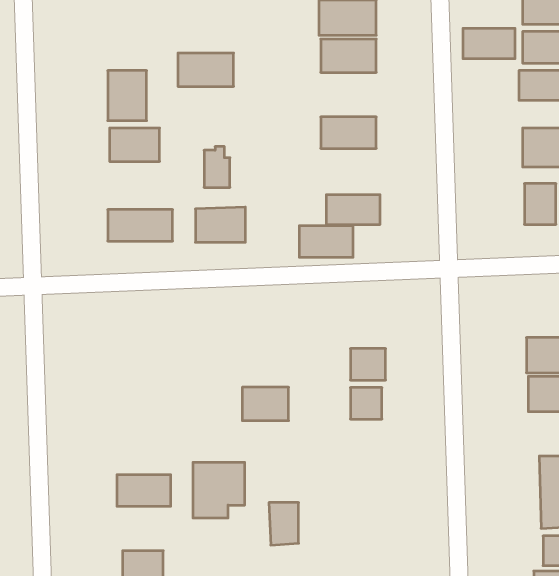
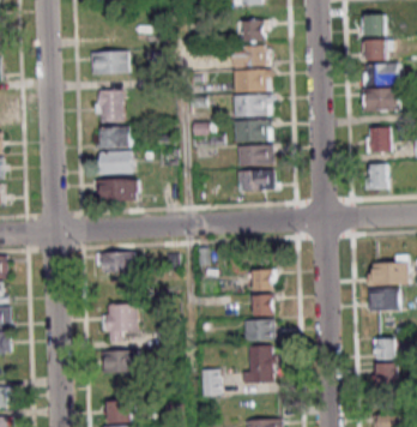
building: [463,28,515,59] -> none
building: [178,53,234,86] -> [91,52,127,73]
building: none -> [235,95,271,116]
building: [195,207,245,242] -> [99,151,132,174]
building: [299,226,353,257] -> [238,145,273,166]
building: none -> [98,252,135,272]
building: [242,387,289,421] -> [244,319,274,341]
building: [193,462,245,518] -> [103,305,137,341]
building: none -> [246,345,274,384]

